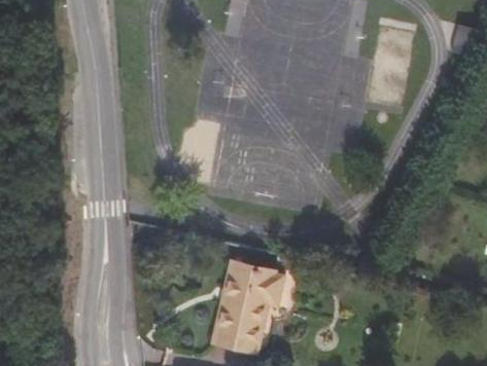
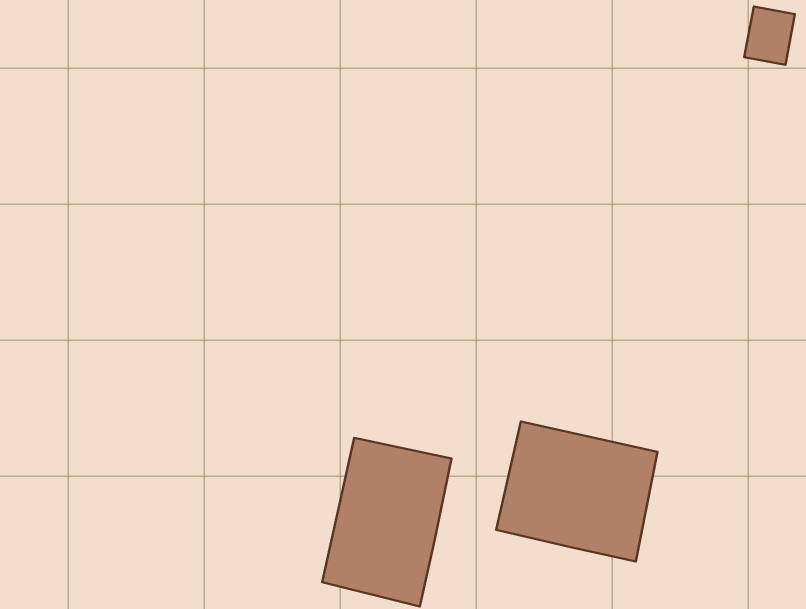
building: none -> [496,422,657,562]

